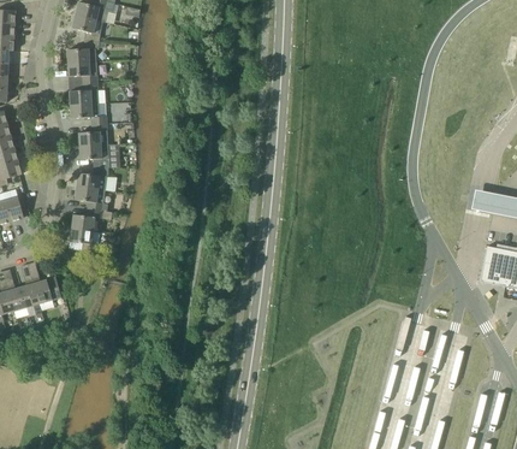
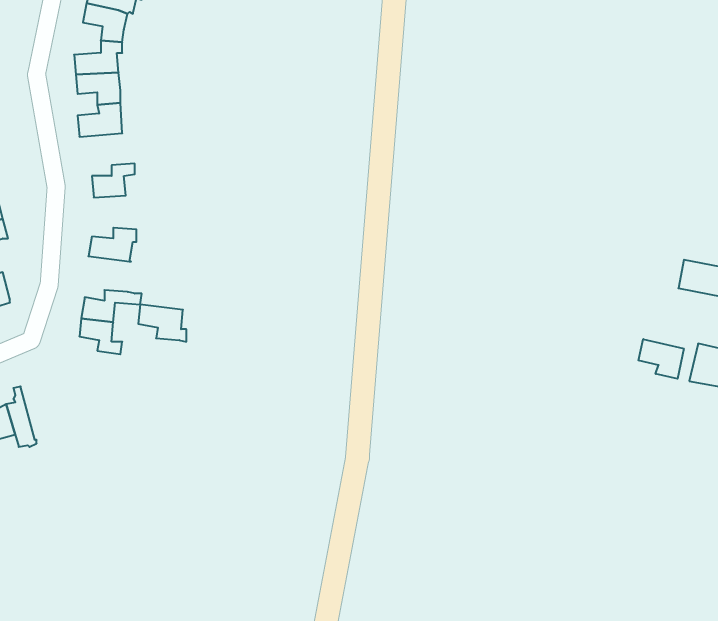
building: [67,104,105,125] -> none
building: [77,144,106,169] -> none
building: [72,187,105,212] -> [138,304,186,342]
building: none -> [638,339,684,379]
building: [28,272,59,311] -> none

